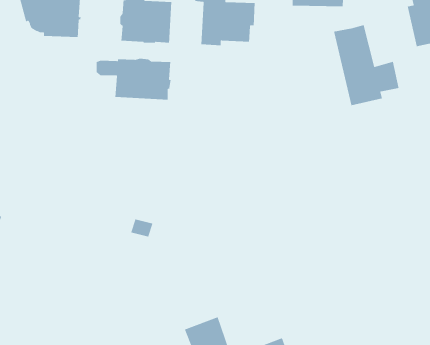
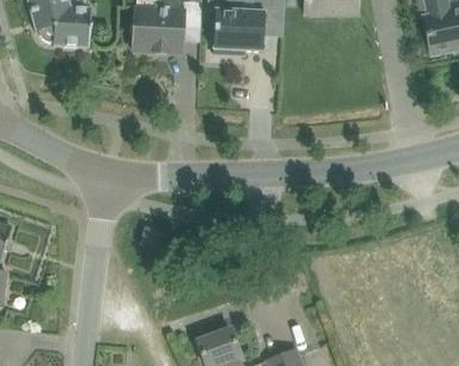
building: [333,24,400,106] -> none
building: [96,58,171,101] -> none

